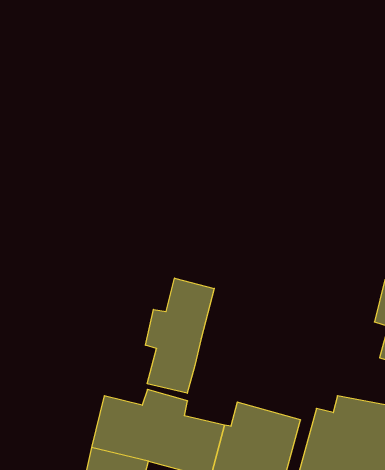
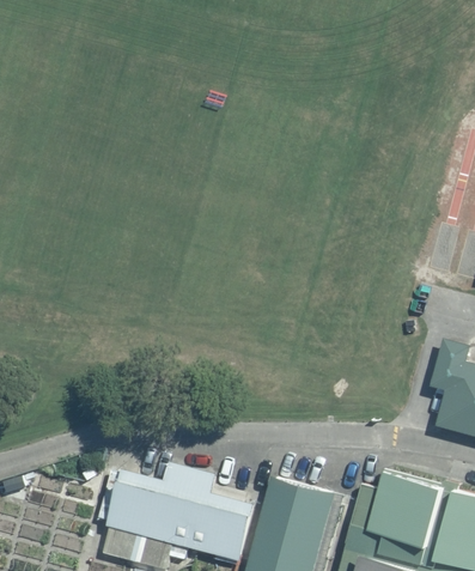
building: [145,278,214,393] -> none

